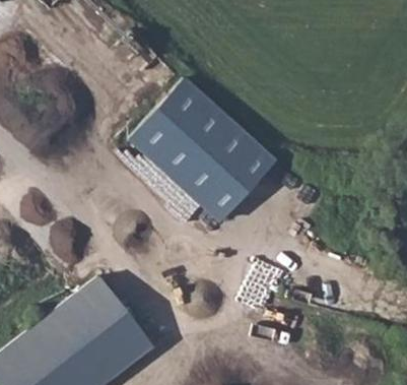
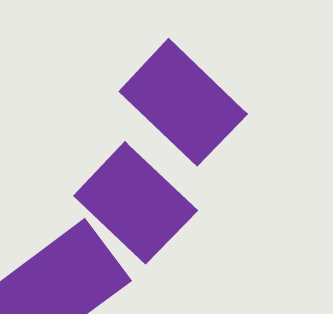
building: none -> [72,140,199,266]

